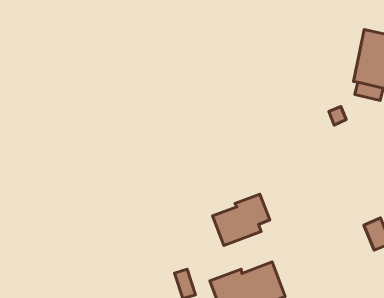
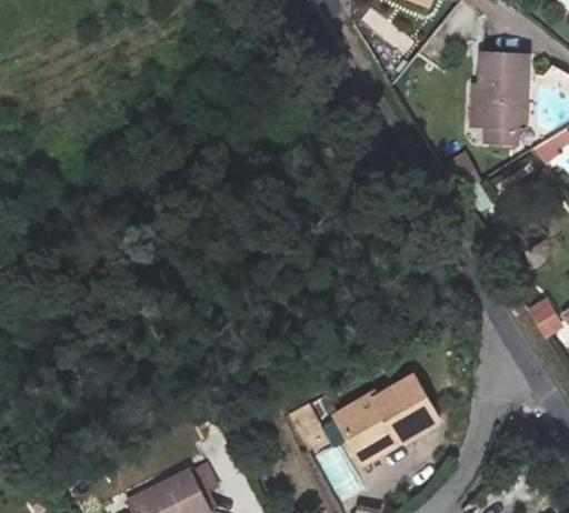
building: [212,194,270,246] -> none

